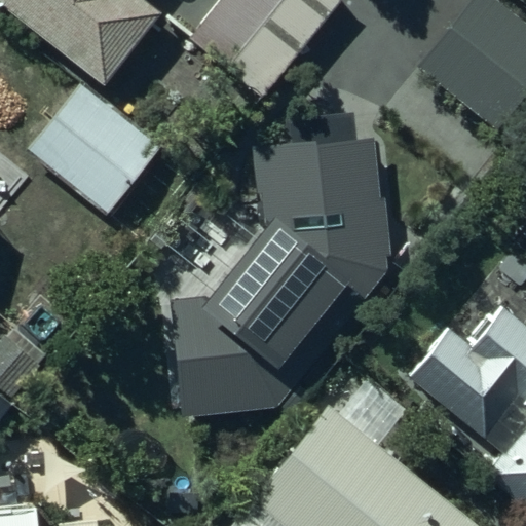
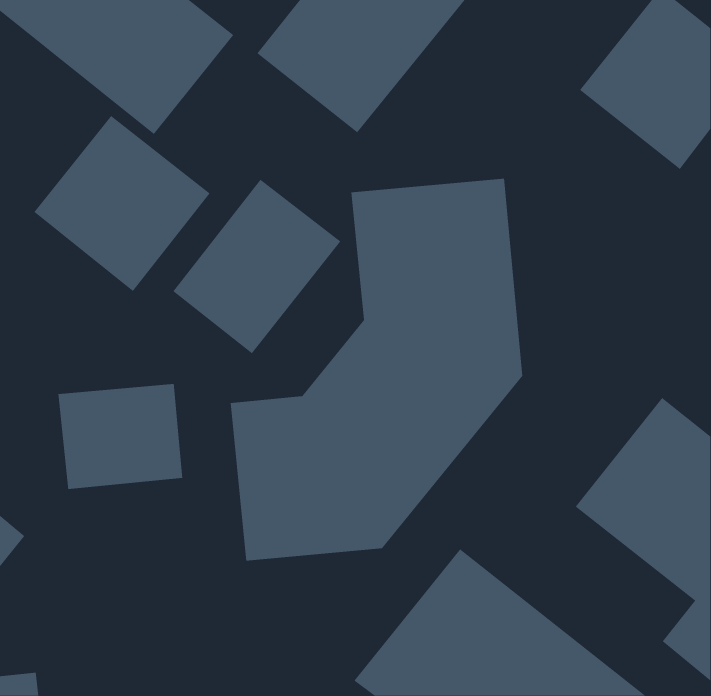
building: none -> [172,179,341,354]
building: none -> [58,383,183,490]

